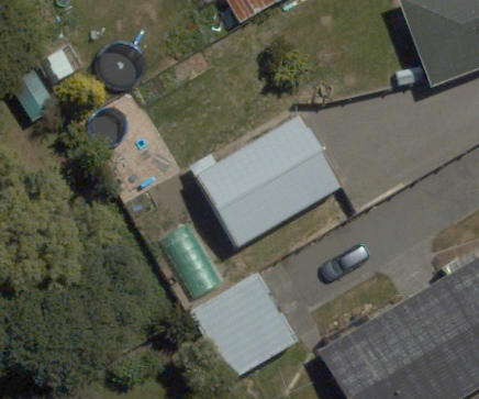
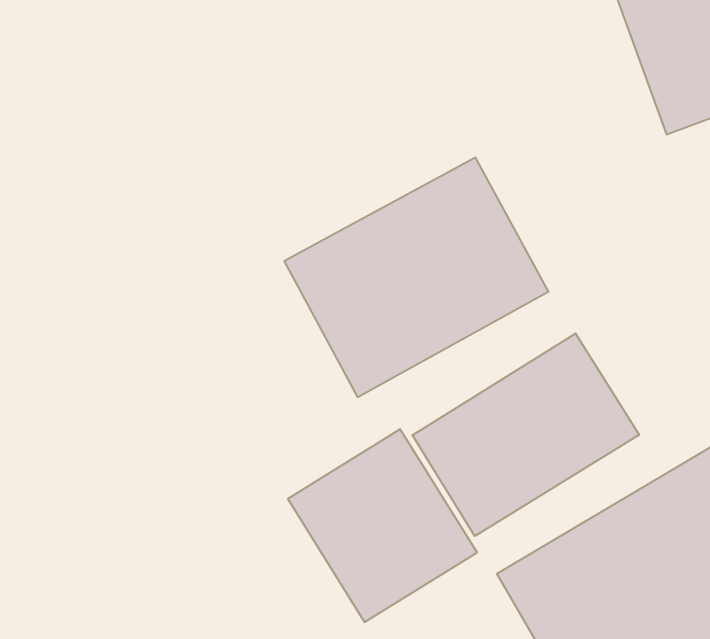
building: none -> [412,333,639,536]

